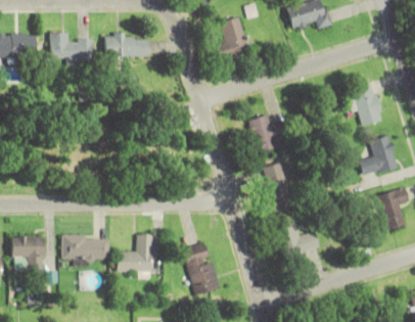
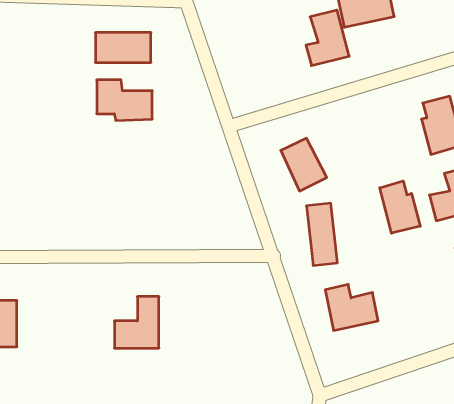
building: [217,16,249,58] -> [306,10,349,66]
building: [51,33,93,63] -> [97,80,152,120]
building: none -> [380,181,420,233]
building: [62,235,109,261] -> none
building: [183,242,220,294] -> none

